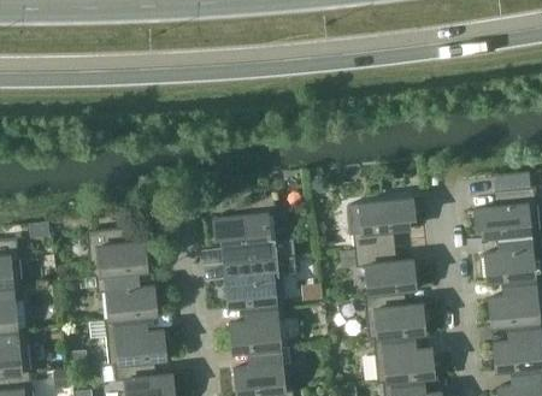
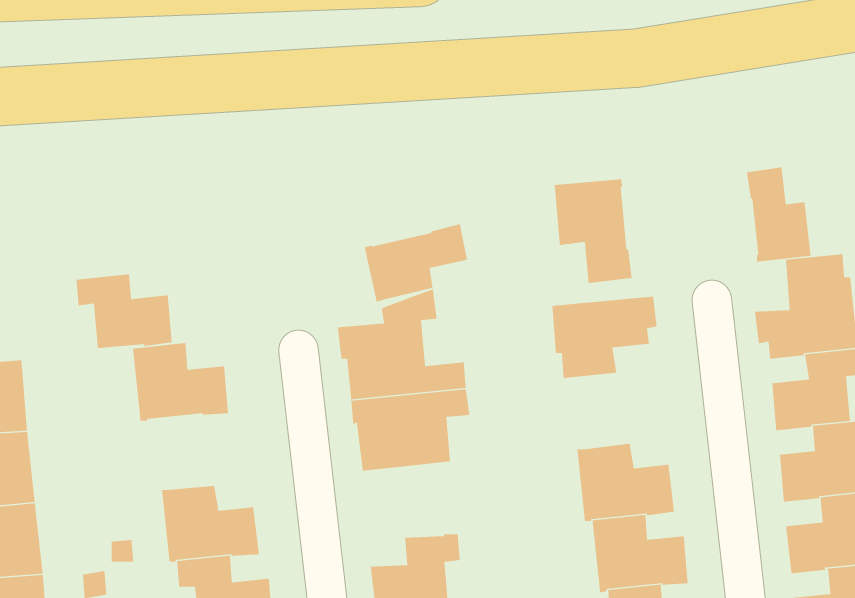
building: none -> [746,167,811,262]
building: none -> [554,179,632,284]
building: none -> [364,223,468,303]
building: [354,246,414,292] -> none
building: [95,271,155,318] -> [76,273,172,349]
building: [230,301,285,351] -> none

